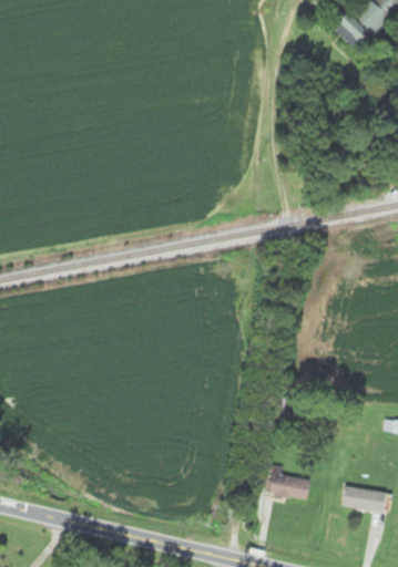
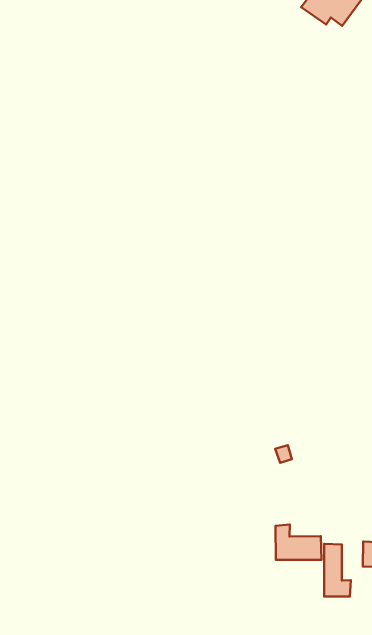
building: none -> [324,544,351,597]

